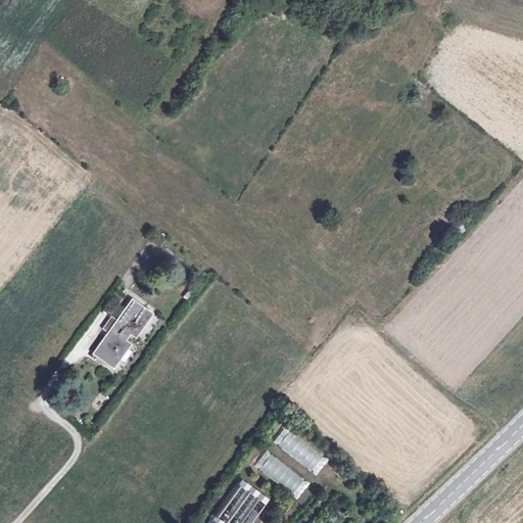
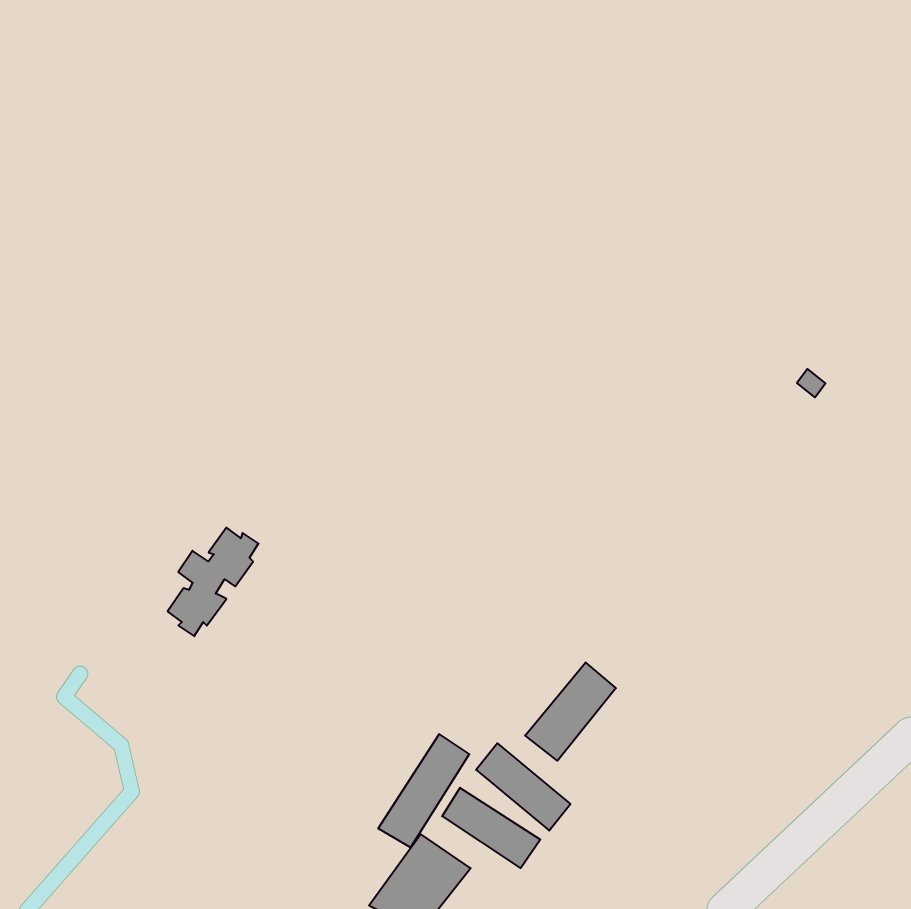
building: none -> [525,662,616,761]
building: none -> [378,734,469,848]

